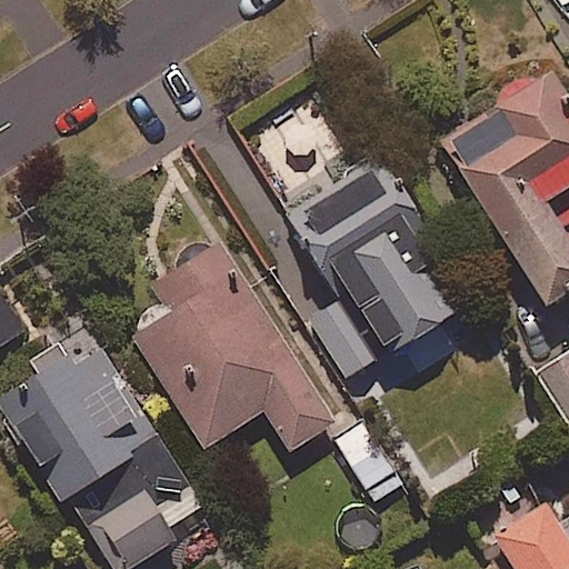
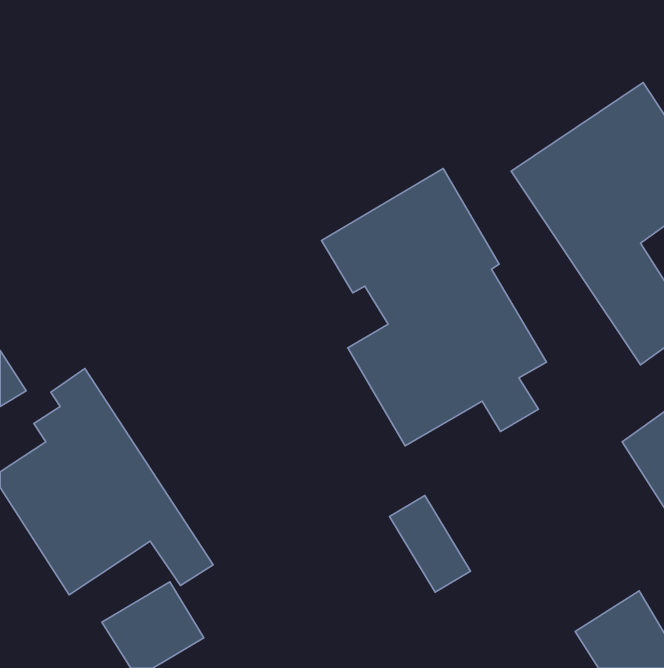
building: [124,242,338,453] -> none

